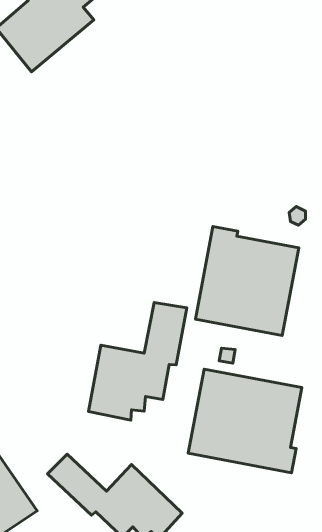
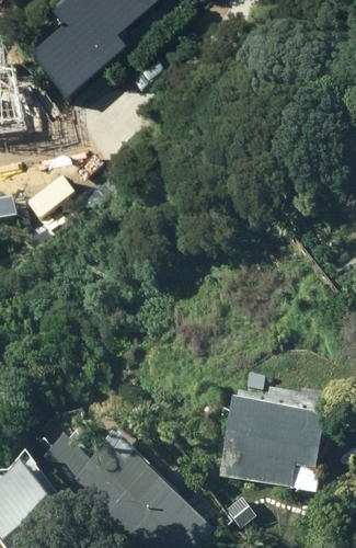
building: [195,226,299,335] -> none
building: [89,303,187,420] -> none

